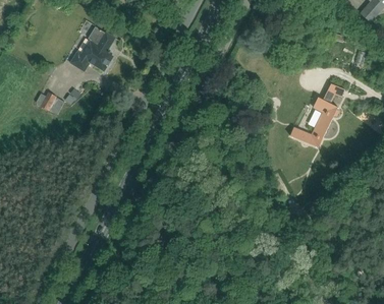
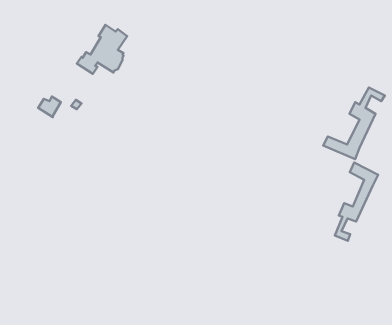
building: none -> [335,162,378,241]

